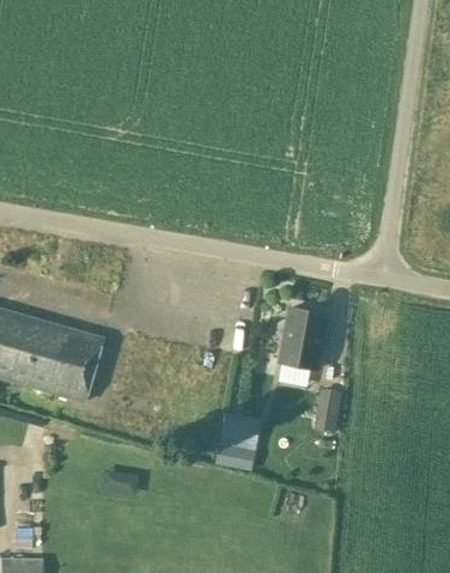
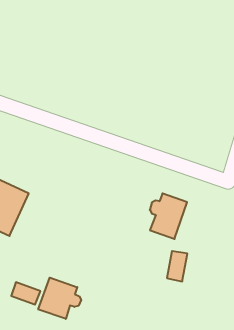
building: [223,414,257,458] -> none
building: none -> [38,278,81,319]

